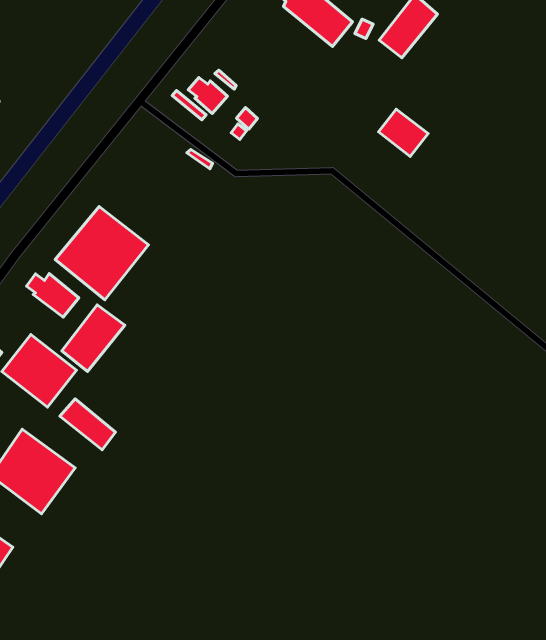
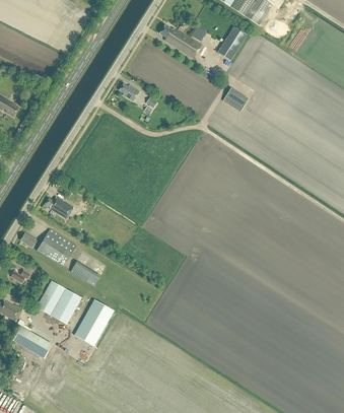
building: [55,207,149,300] -> none
building: [62,305,125,371] -> none
building: none -> [74,299,114,346]

